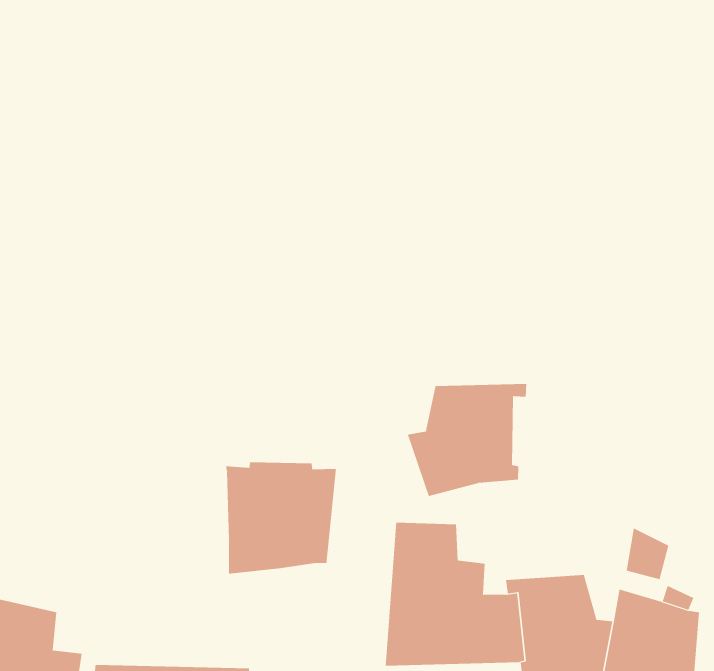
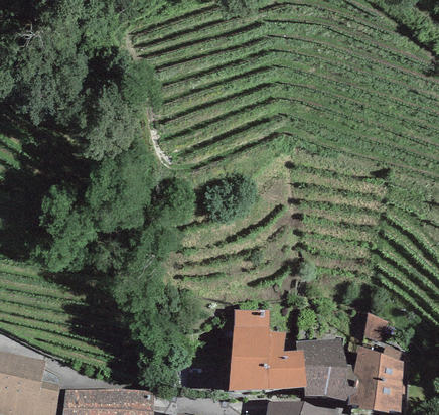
building: [407,383,527,497] -> none
building: [226,462,336,574] -> none

